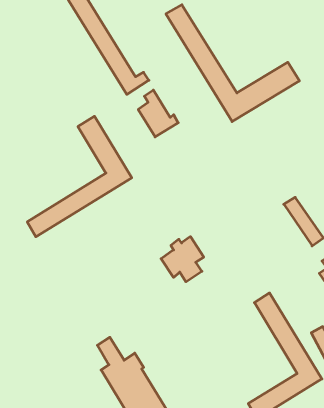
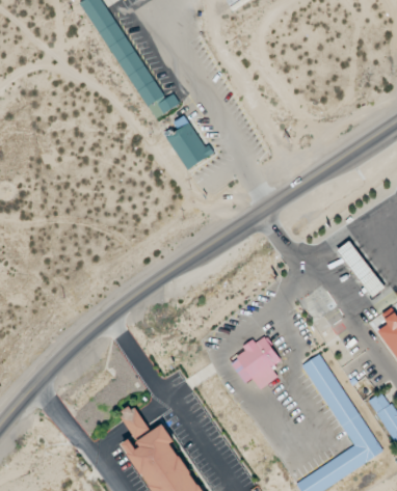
building: [166,5,299,122] -> none
building: [27,116,132,237] -> none
building: [161,237,204,282] -> [230,335,280,388]

